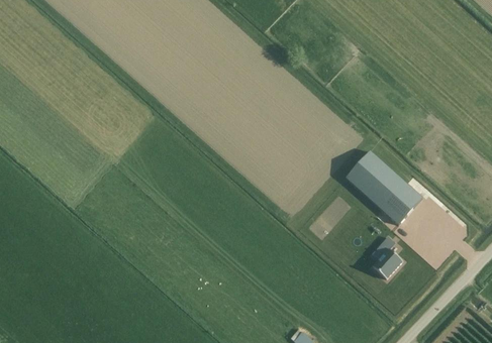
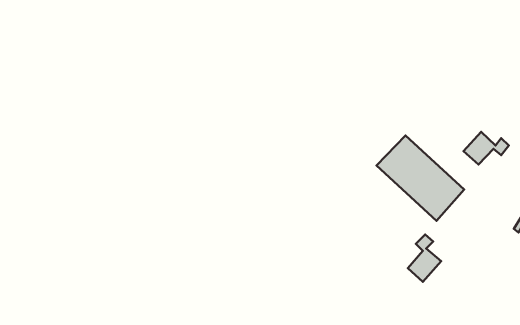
building: none -> [463,132,509,165]

